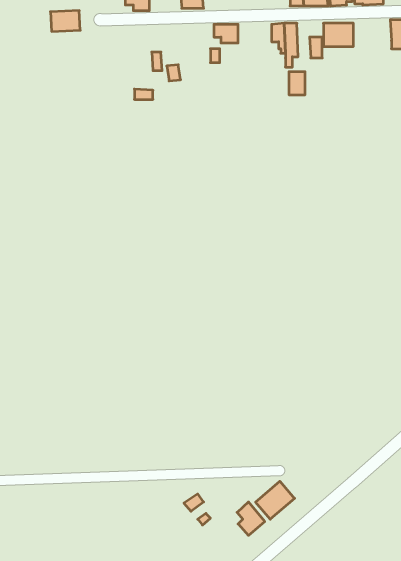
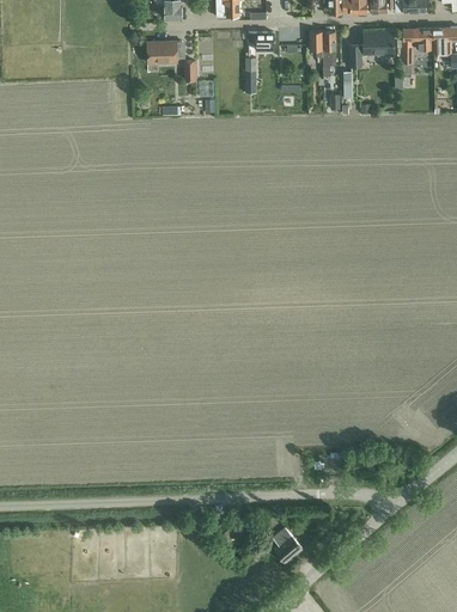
building: [50,11,80,31] -> [147,42,178,63]
building: none -> [403,27,434,63]
building: [256,481,295,519] -> none

